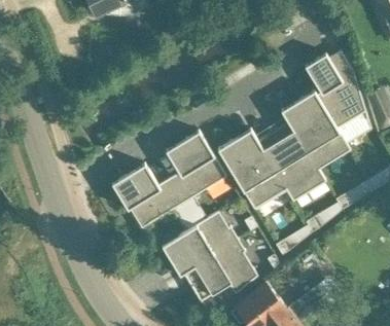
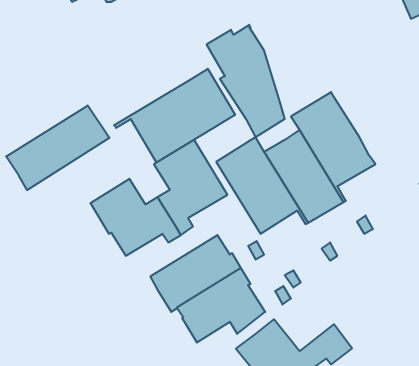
building: [305,49,370,144] -> [207,25,285,137]
building: none -> [114,69,235,163]
building: none -> [6,105,109,190]

